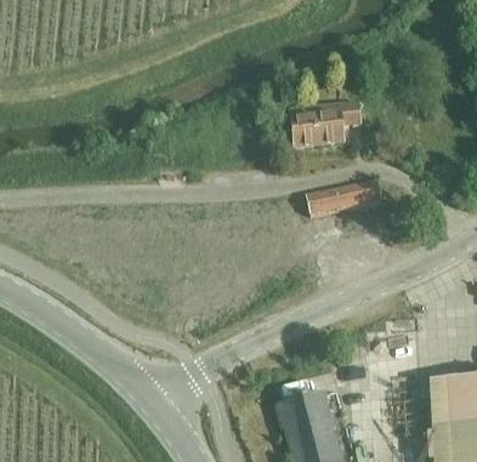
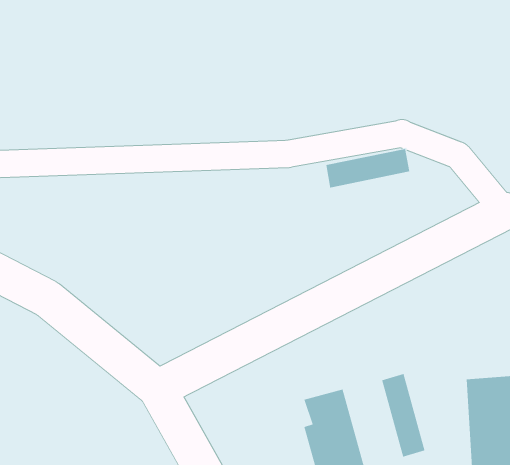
building: [289,101,359,147] -> none
building: none -> [381,373,425,458]

